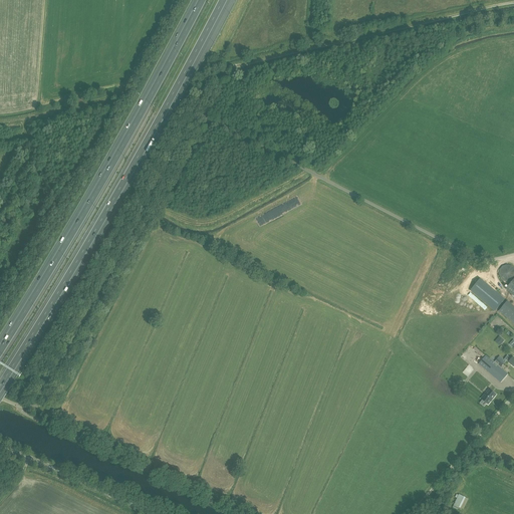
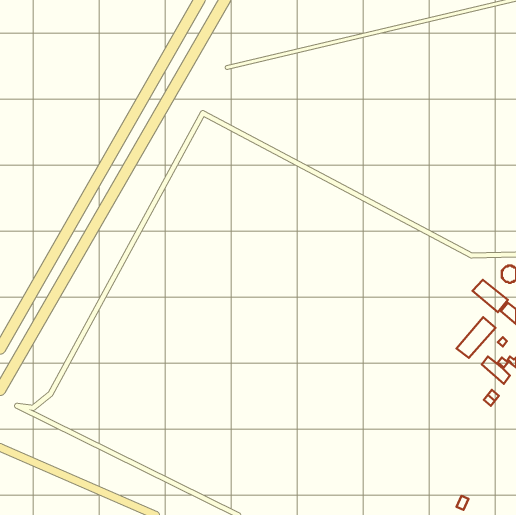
building: none -> [457,317,495,358]

